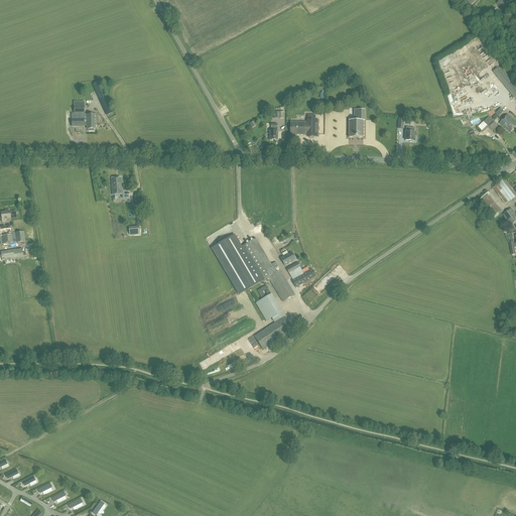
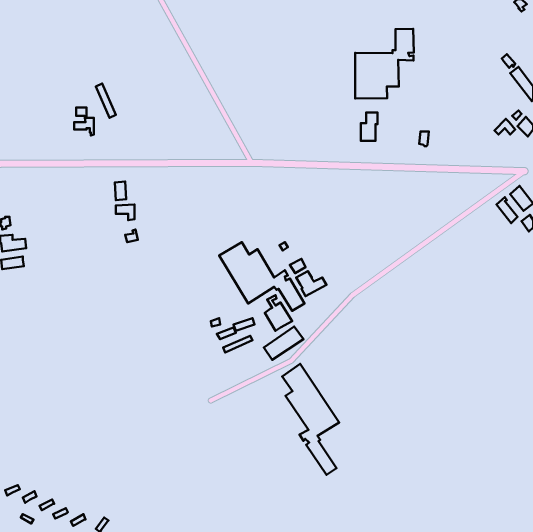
building: none -> [355,29,414,98]
building: [290,114,318,136] -> none
building: none -> [282,364,339,475]

